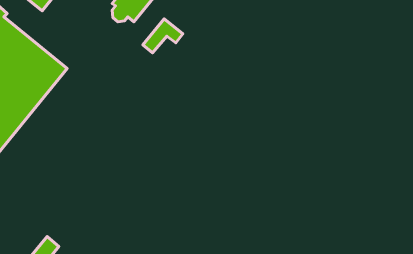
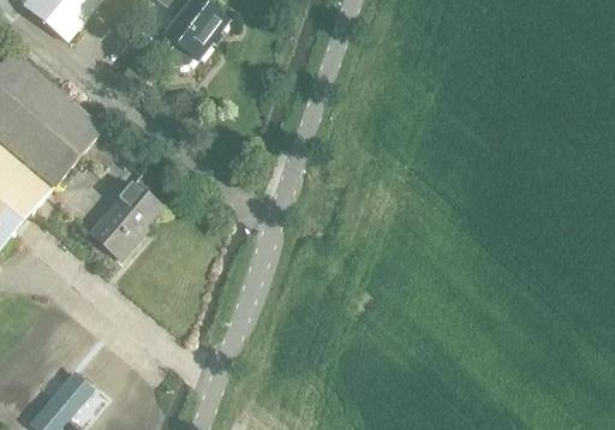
building: [143,19,183,53] -> none
building: none -> [90,179,161,257]

